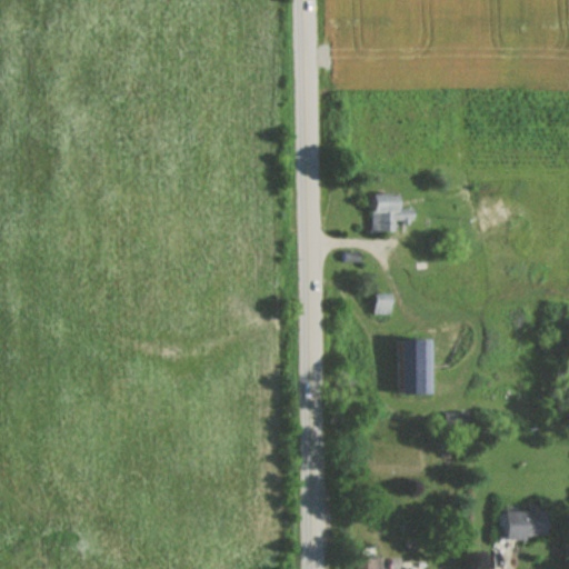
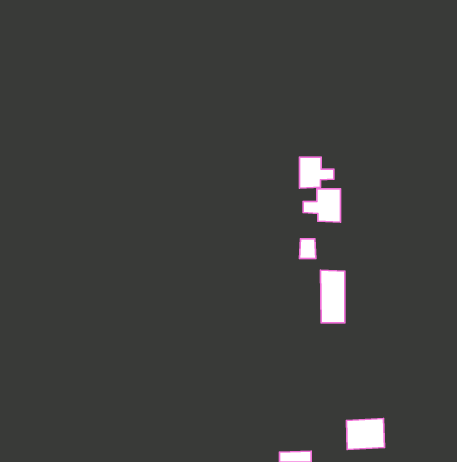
building: none -> [303,189,340,222]
building: [503,507,550,545] -> [346,419,384,449]

